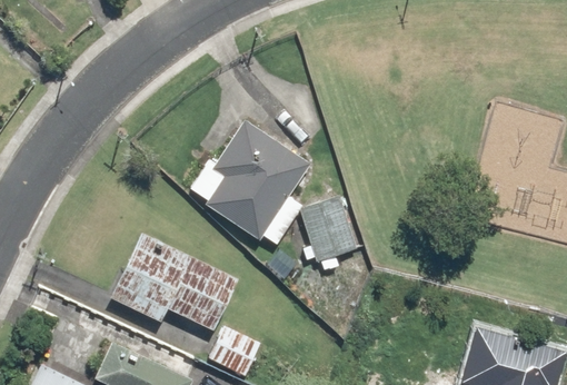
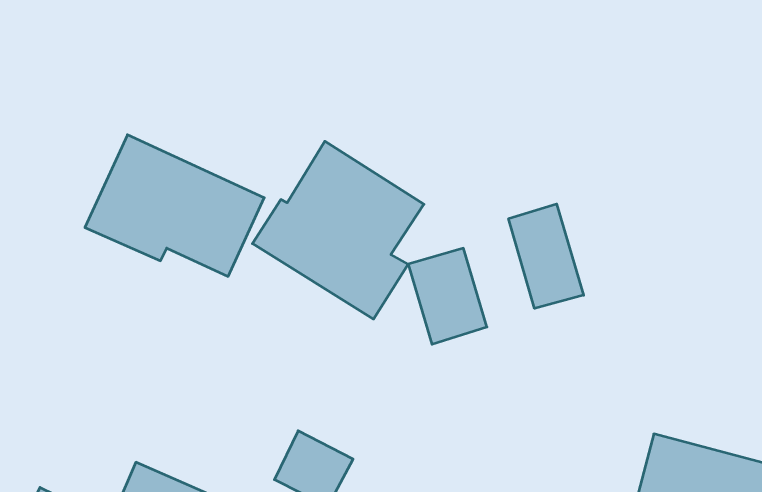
building: none -> [509,204,584,308]
building: [109,234,236,334] -> [85,135,264,276]

